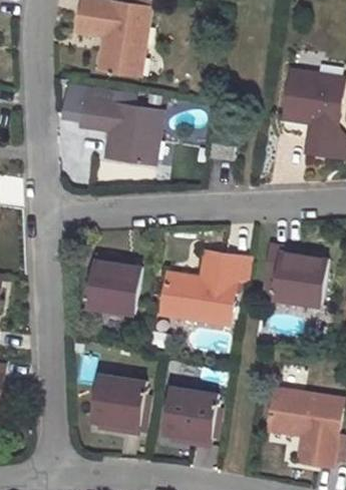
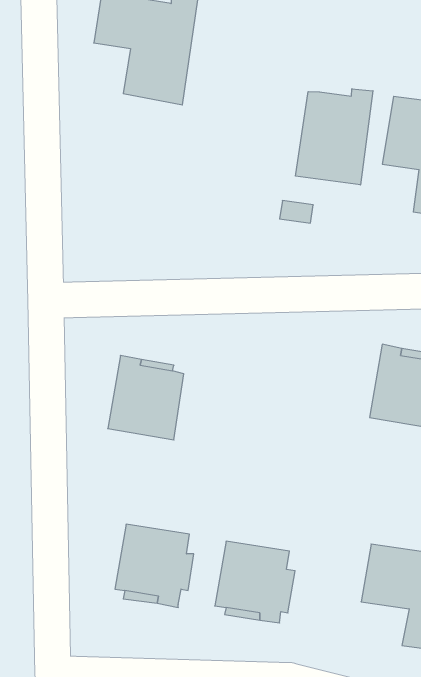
building: none -> [296,89,373,185]
building: [79,87,162,164] -> none
building: [160,252,251,325] -> none

